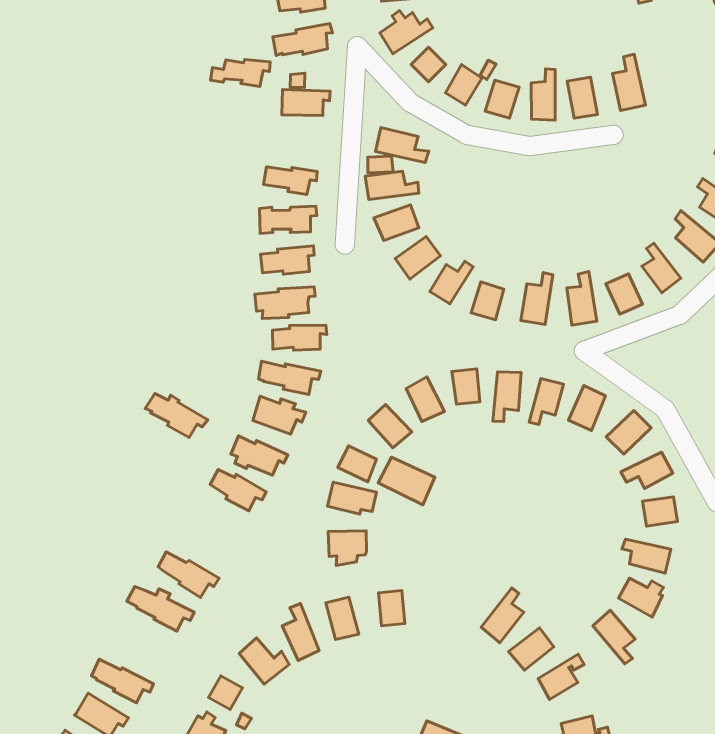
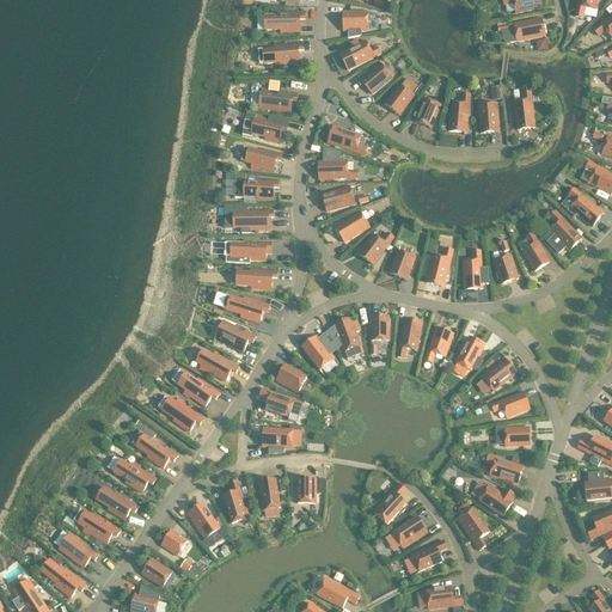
building: [210,60,270,86] -> [241,118,288,141]
building: [145,393,208,437] -> [158,394,204,430]
building: [378,457,435,505] -> none
building: none -> [96,485,139,519]

